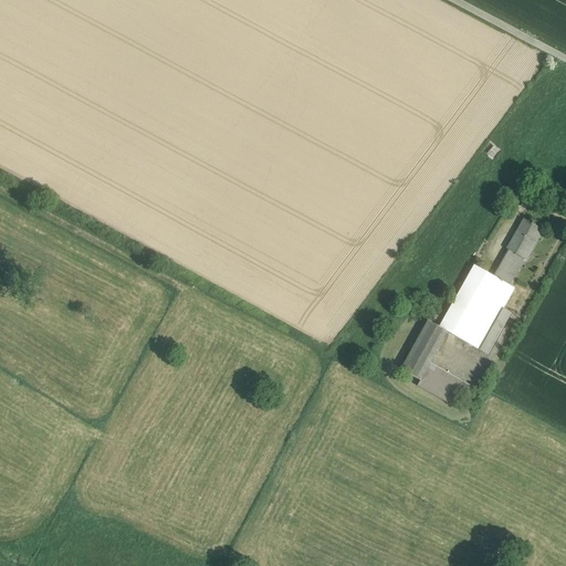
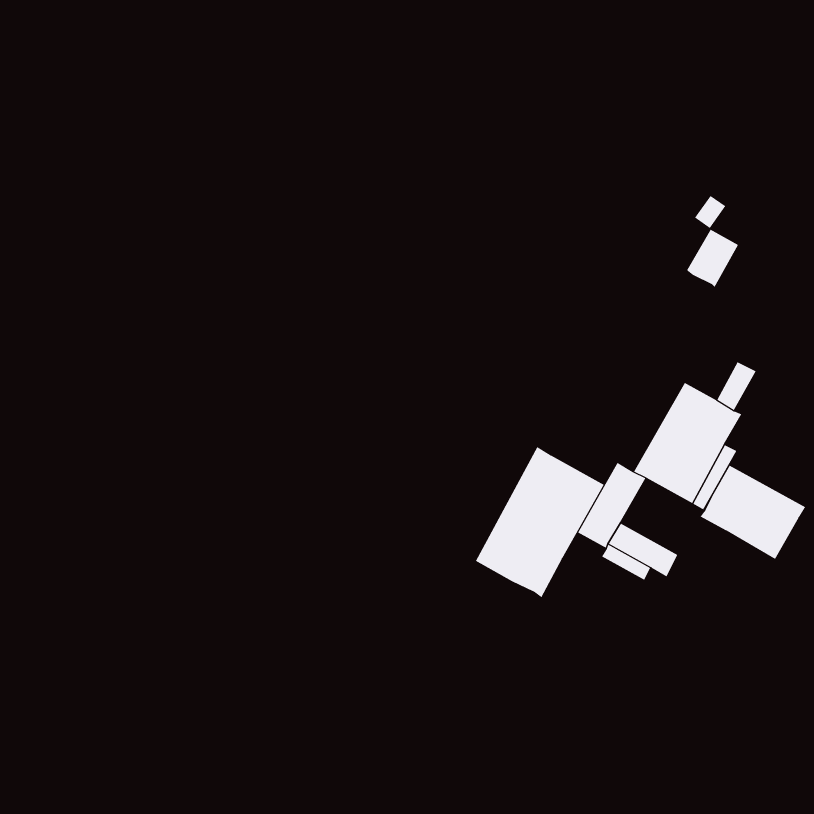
building: [505,218,542,259] -> [686,229,739,288]
building: none -> [475,446,605,598]
building: none -> [700,465,806,560]

